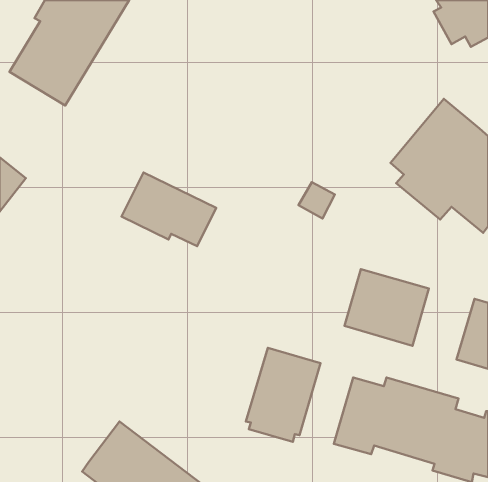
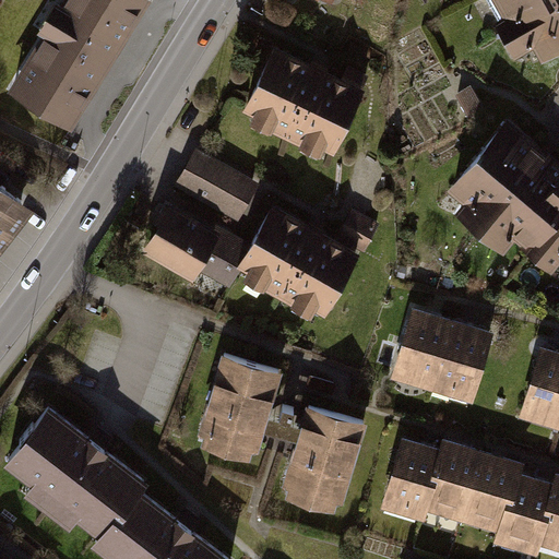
building: none -> [243,49,362,154]
building: none -> [177,154,257,224]
building: none -> [238,207,356,316]
building: none -> [197,353,281,460]
building: none -> [7,411,142,535]

